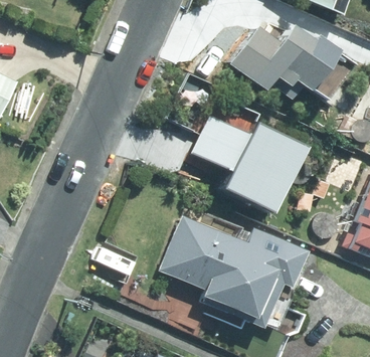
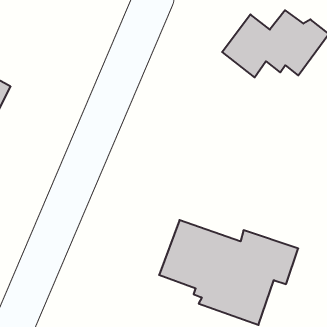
building: [191,115,302,207] -> none

